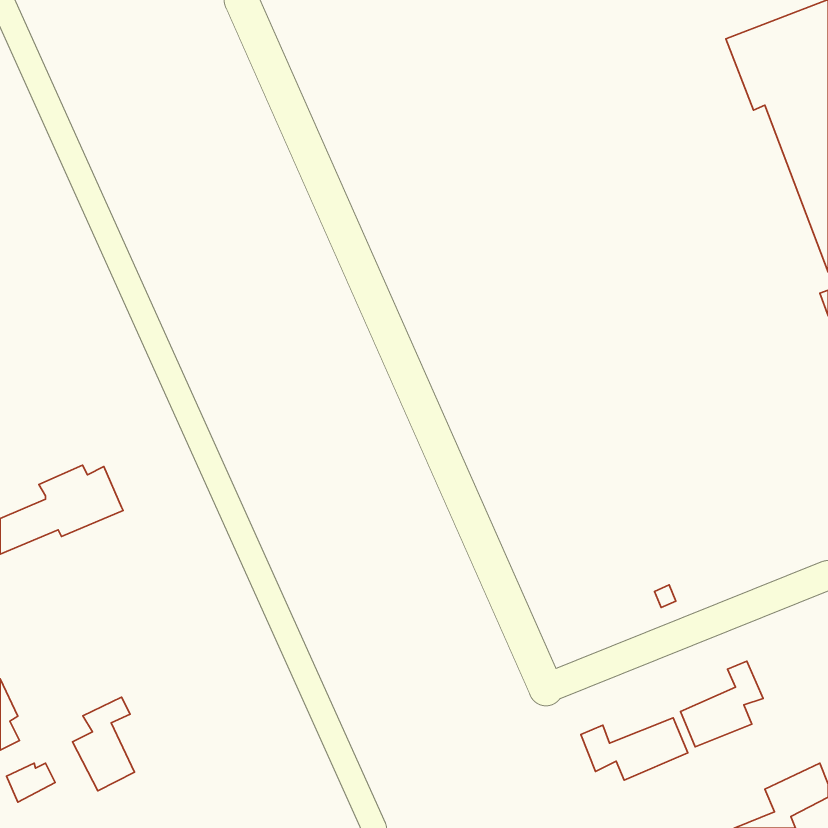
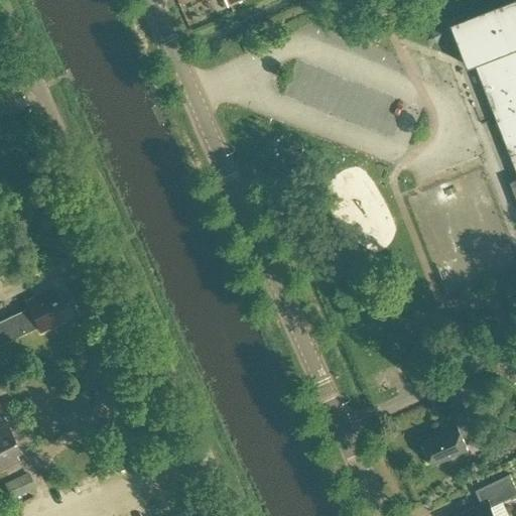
building: [72,697,134,791] -> none
building: [581,718,688,780] -> none

